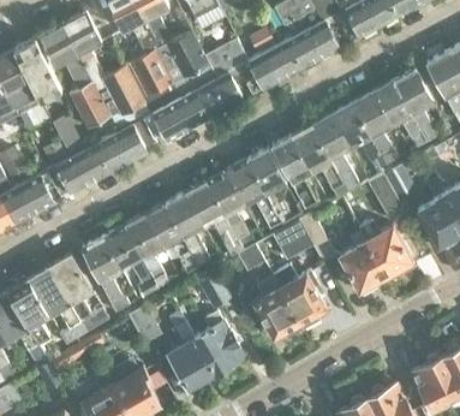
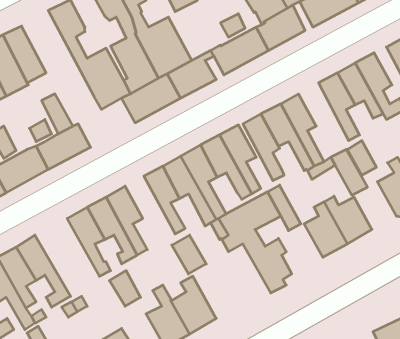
building: [40,24,112,129] -> none
building: [205,38,249,78] -> none
building: [333,102,387,172] -> none
building: [95,119,156,172] -> none
building: [145,203,199,273] -> none
building: [48,255,109,333] -> none
building: [249,277,303,339] -> none

